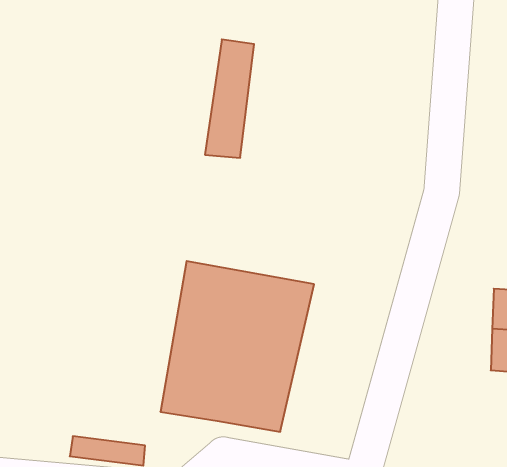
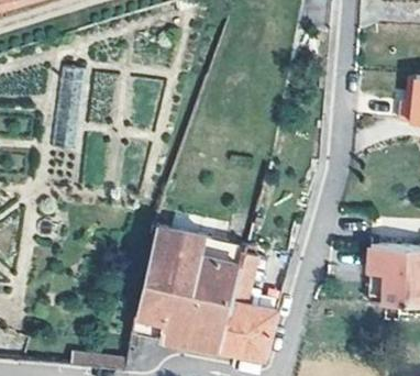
building: [205,39,254,158] -> [52,65,87,150]
building: none -> [221,243,283,357]

